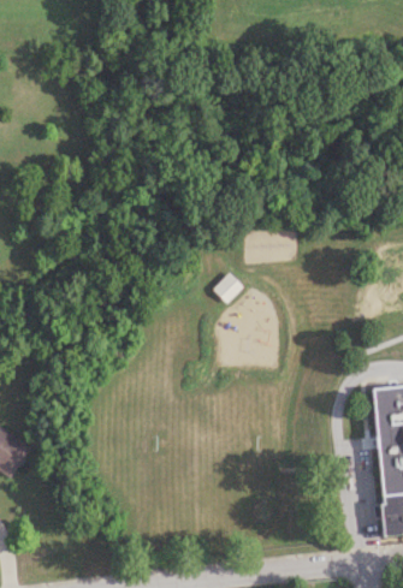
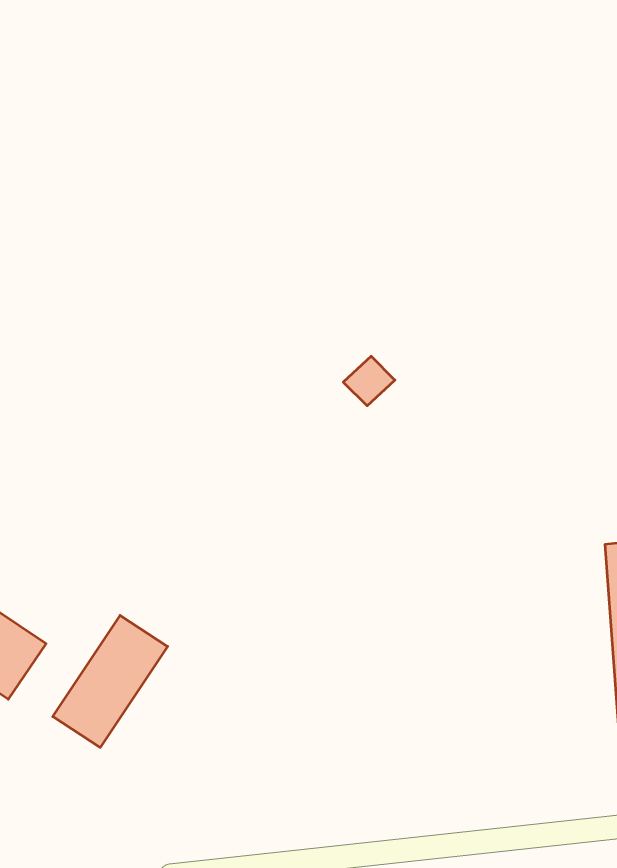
building: none -> [53,615,168,747]

